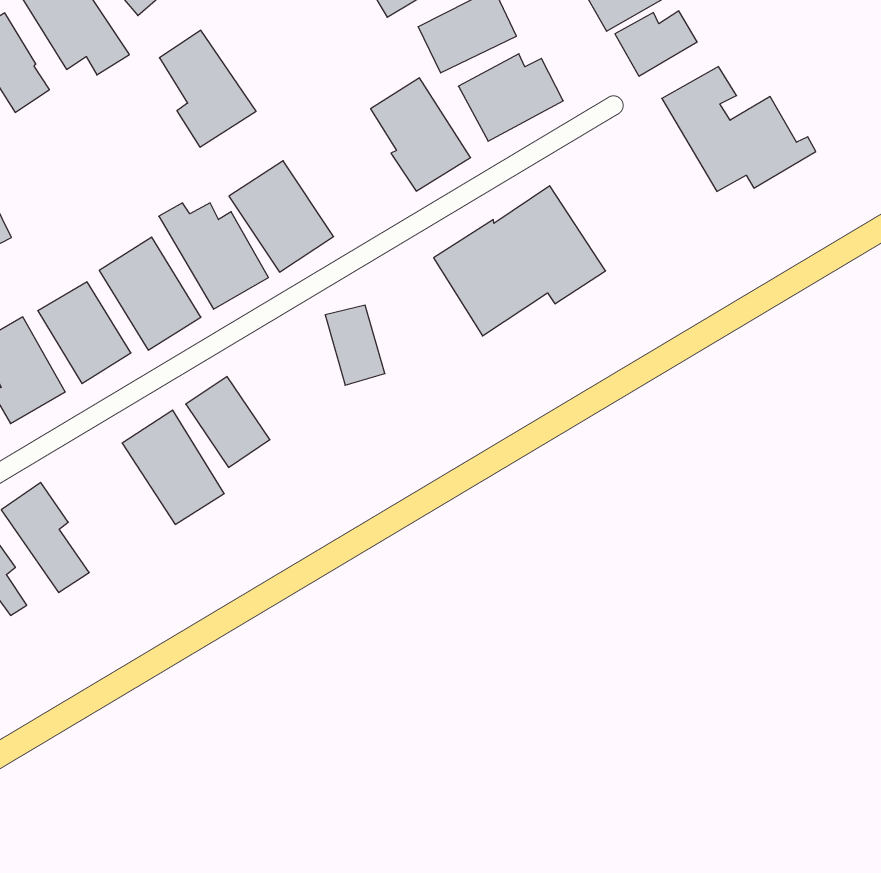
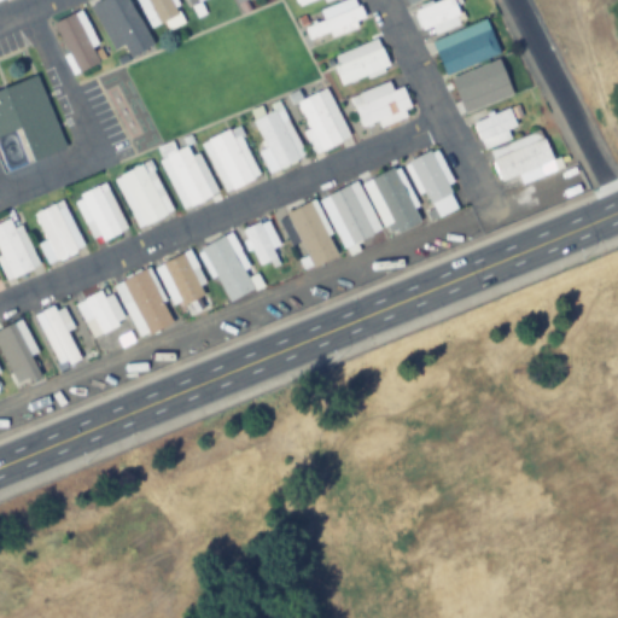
building: [159,30,256,147] -> [253,104,308,175]
building: none -> [408,148,462,218]
building: none -> [279,202,338,270]
building: none -> [200,232,258,303]
building: none -> [77,288,121,338]

